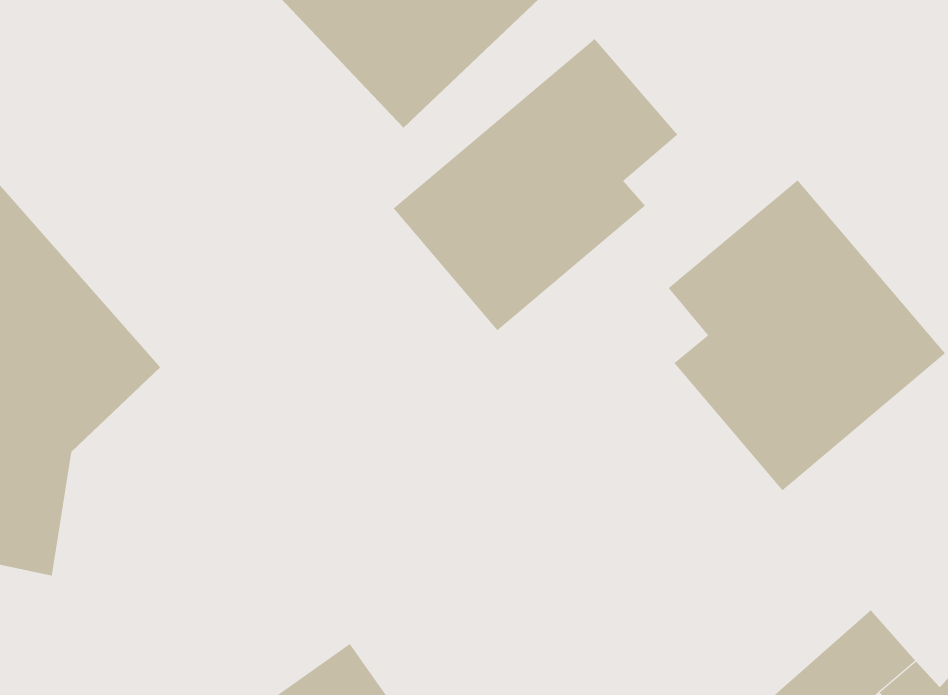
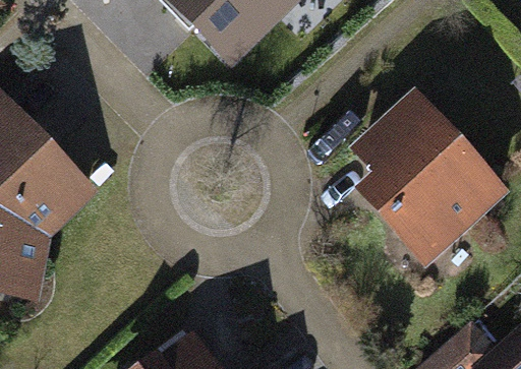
building: [393,38,678,331] -> none

